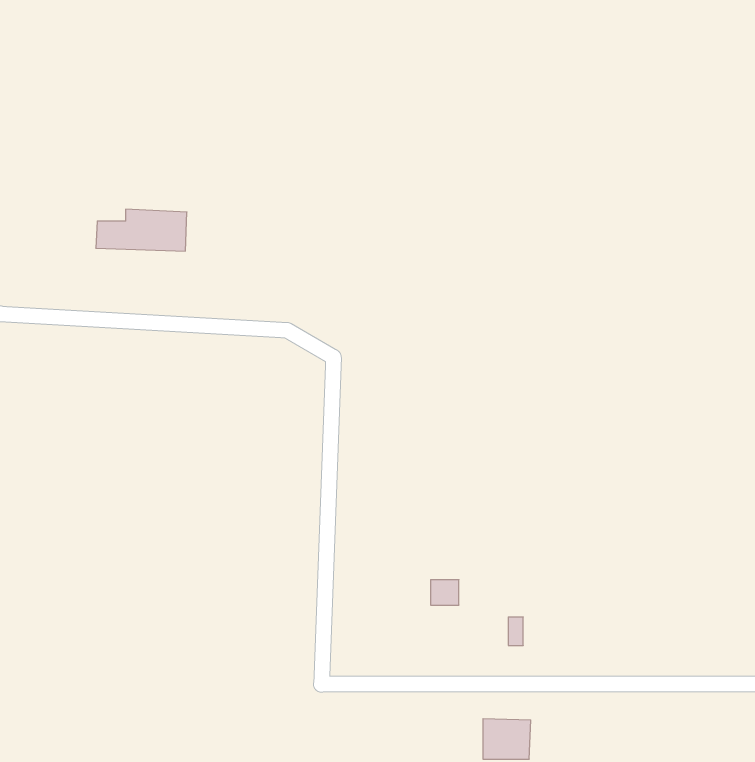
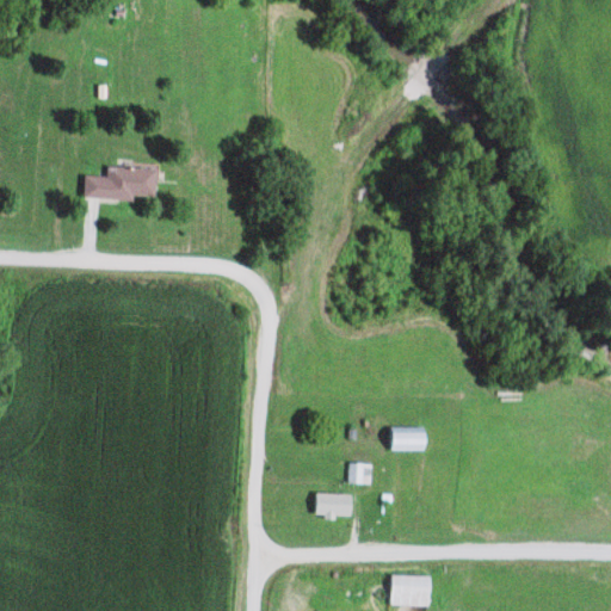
building: none -> [391,427,425,450]
building: none -> [316,493,351,516]

